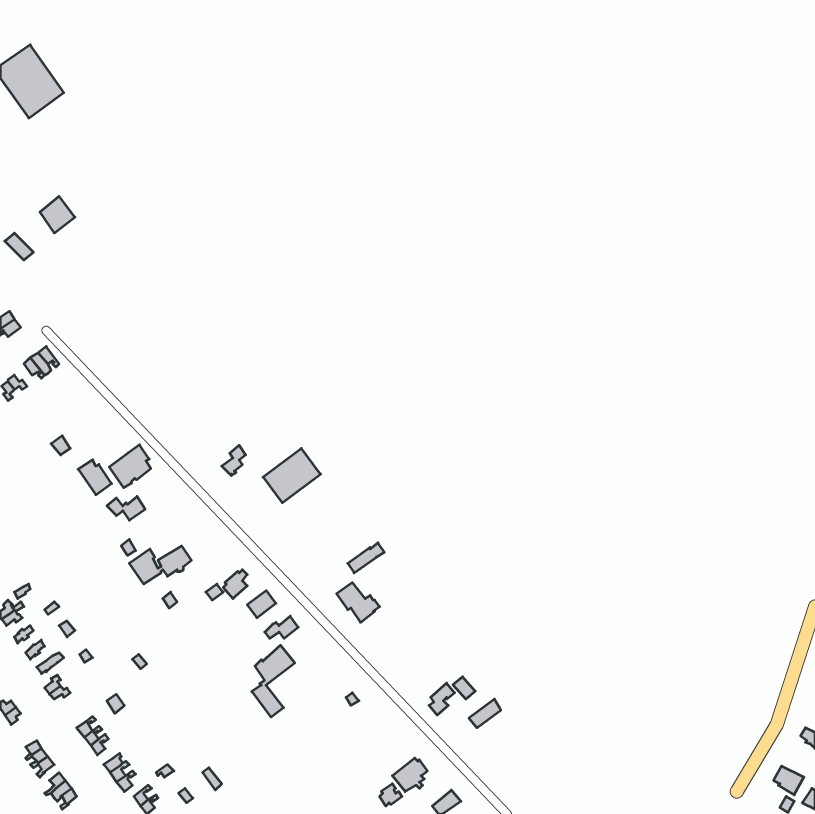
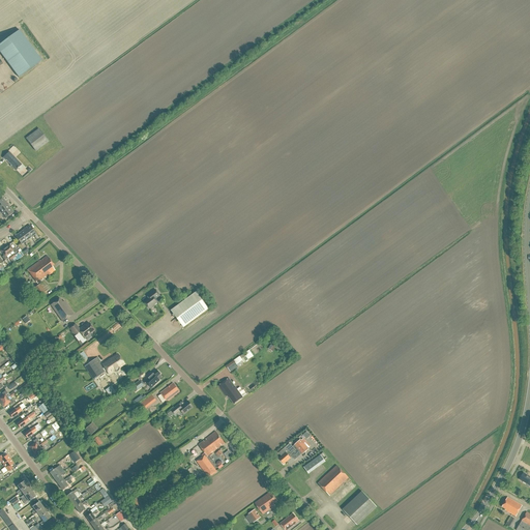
building: [109,445,151,488] -> [28,255,55,283]
building: [252,645,295,717] -> [197,431,225,477]
building: none -> [318,465,349,495]
building: none -> [343,491,376,524]

